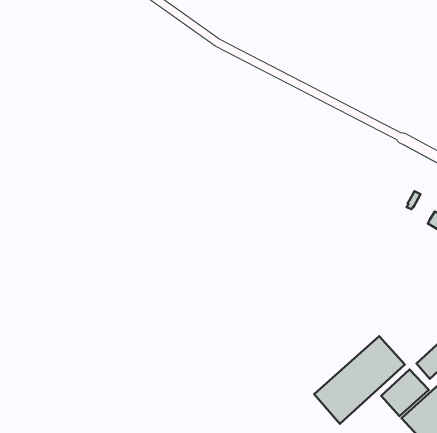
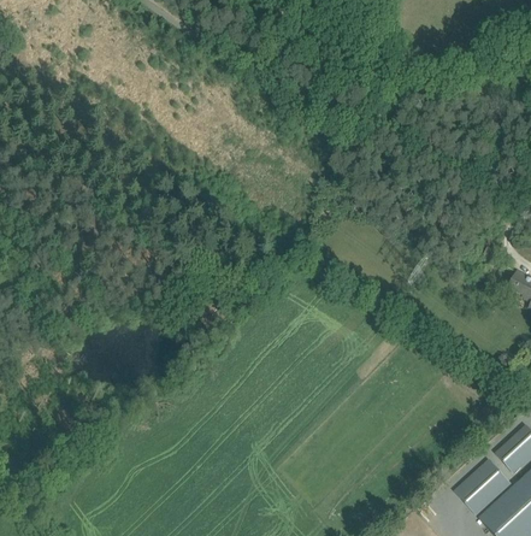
building: [314,336,405,424] -> none

